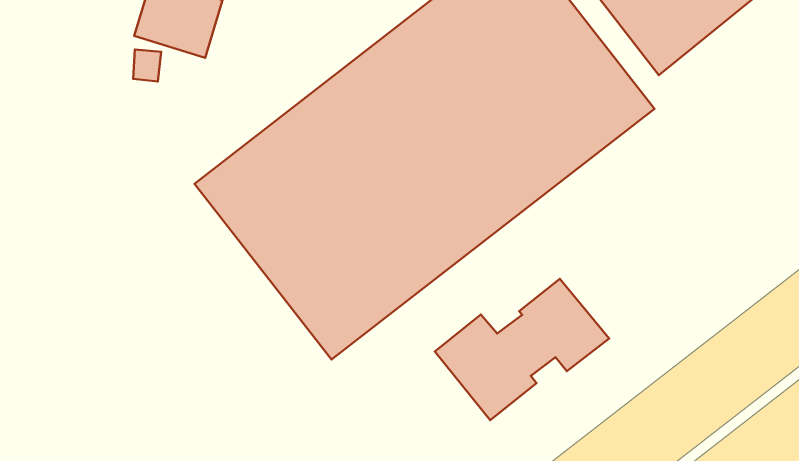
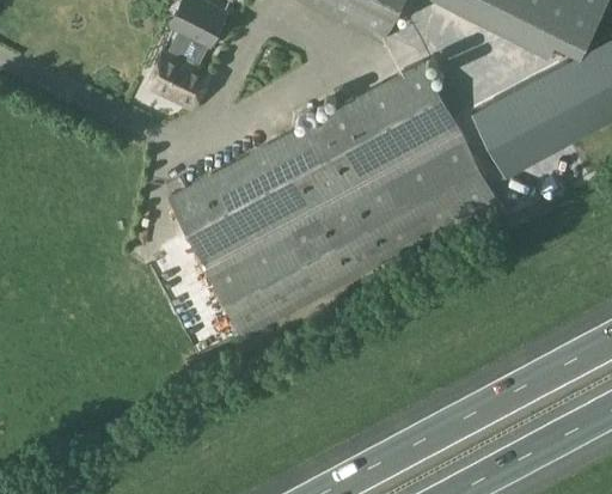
building: [435,279,609,420] -> none

